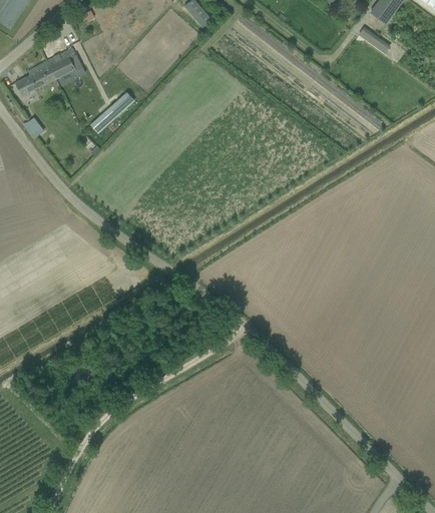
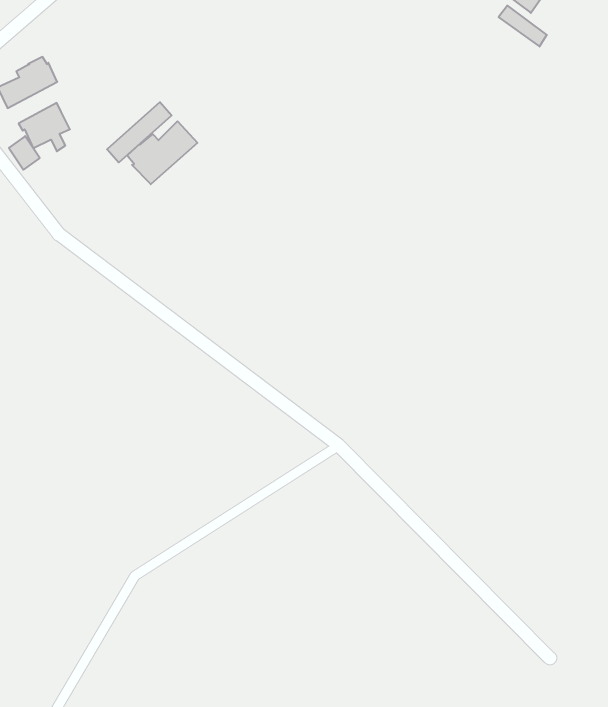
building: [47,46,82,79] -> [19,103,70,151]
building: none -> [127,121,197,184]

